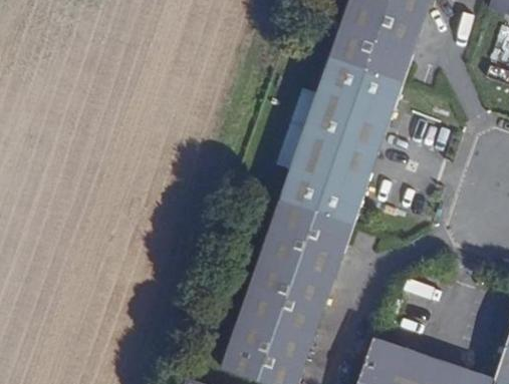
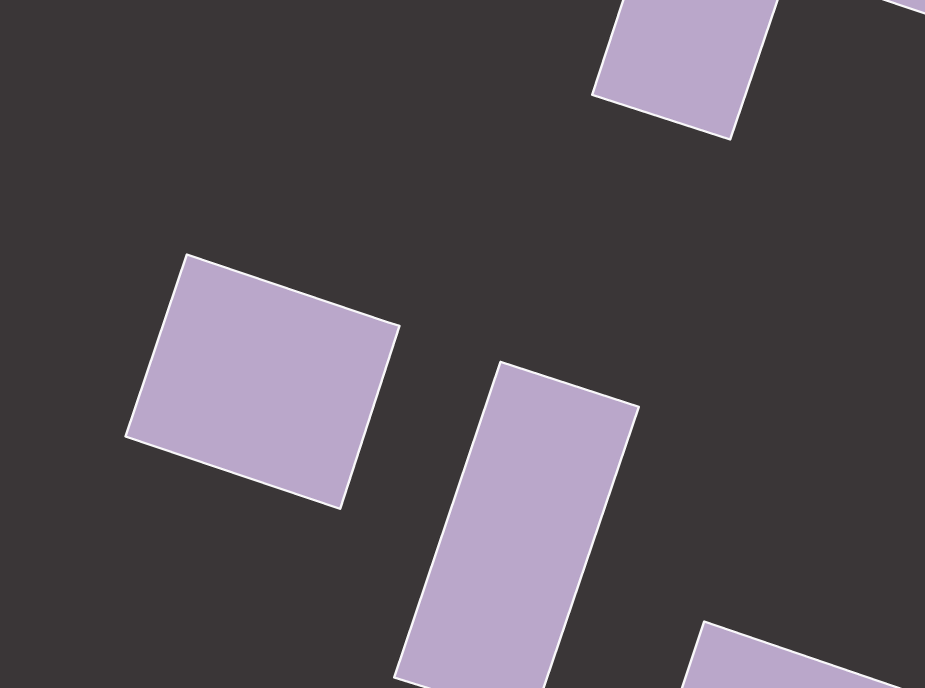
building: [277,56,401,224] -> none
building: none -> [126,255,399,509]

